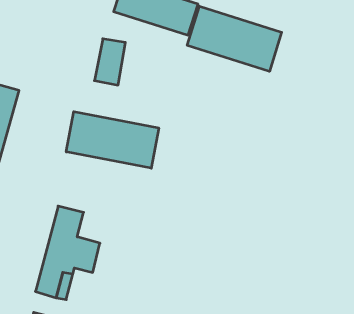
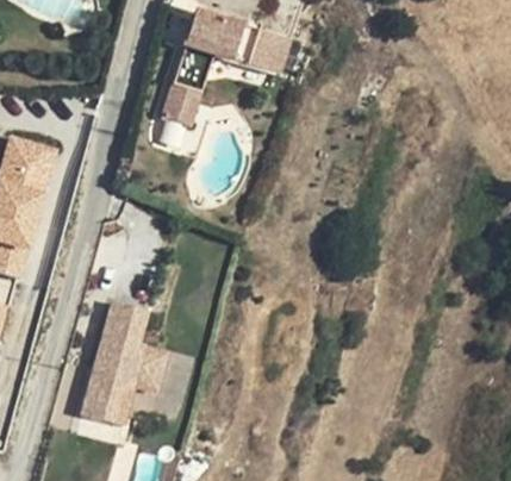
building: [187,6,282,71] -> none
building: [66,112,159,168] -> none

